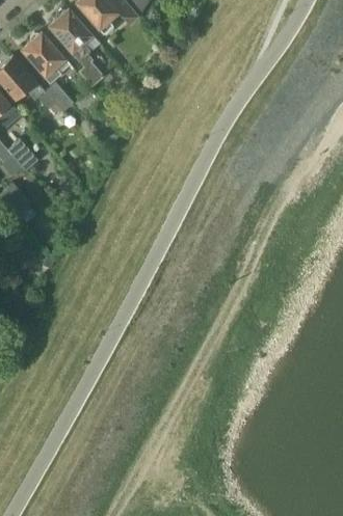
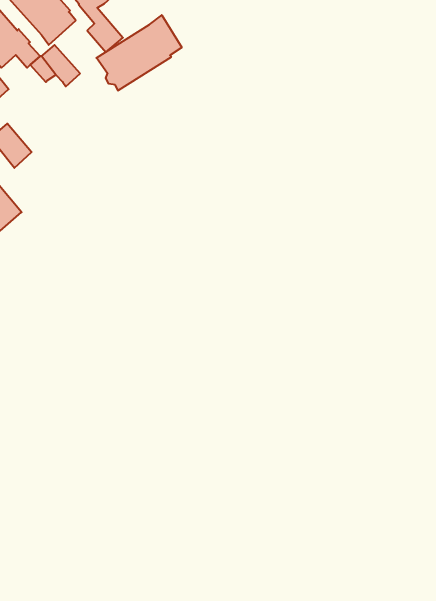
building: none -> [96,15,182,91]

